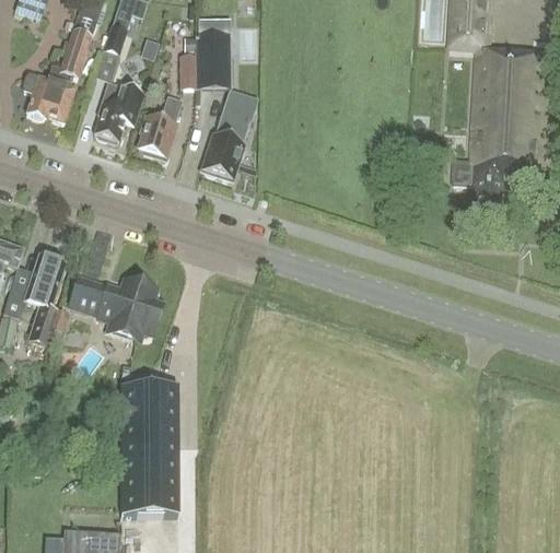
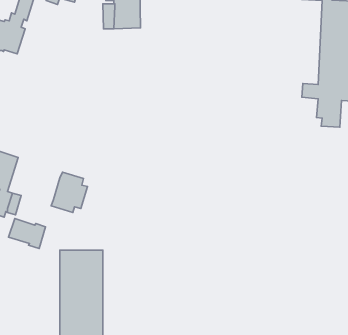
building: [93,80,142,139] -> none
building: [137,93,180,154] -> none
building: [200,95,254,177] -> none
building: [70,278,120,318] -> [8,219,45,248]

